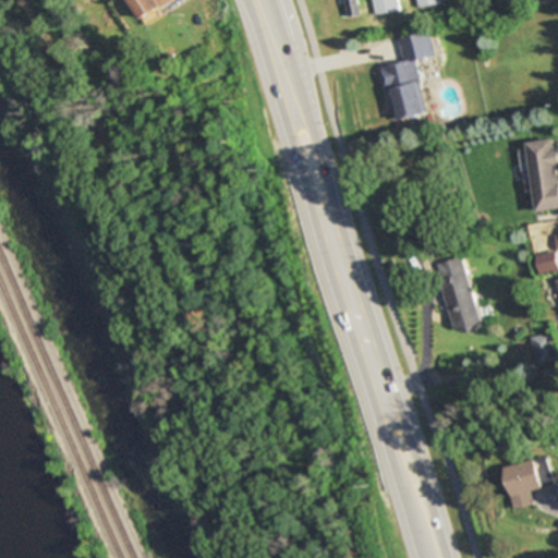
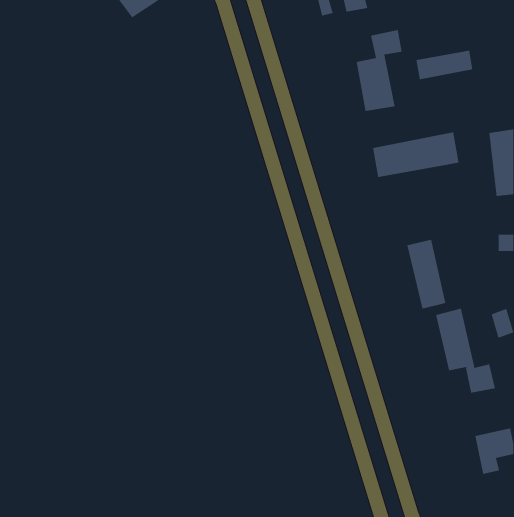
building: none -> [416,50,473,80]
building: none -> [373,132,459,178]
building: none -> [436,308,495,394]

